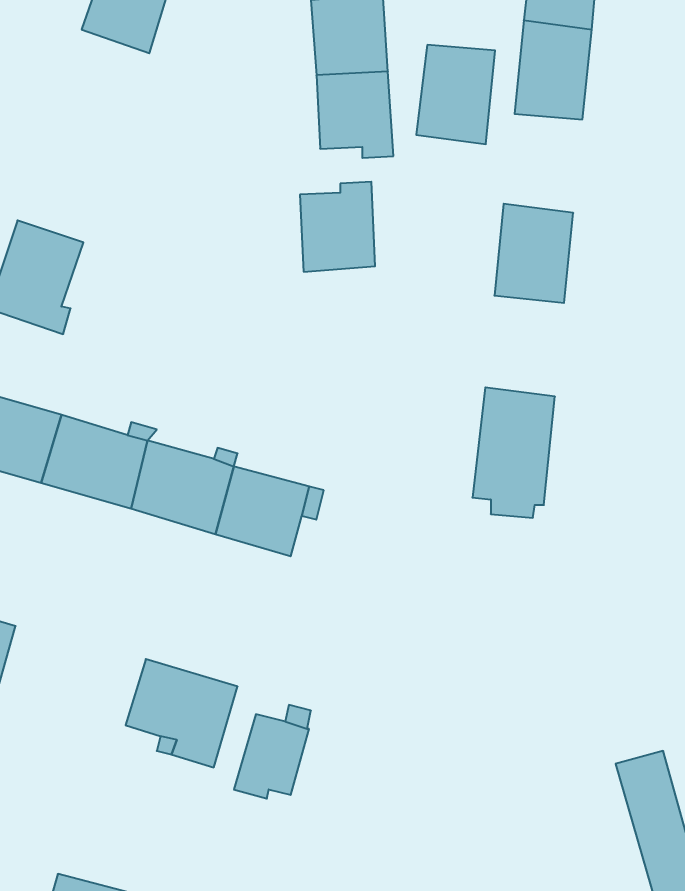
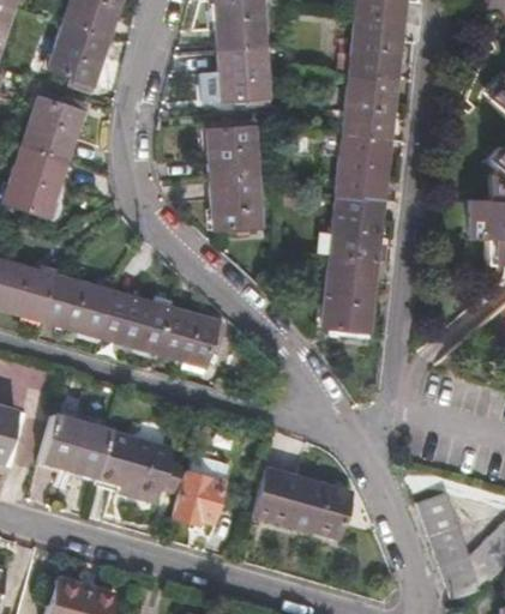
building: none -> [52,22,112,89]
building: [416,45,495,144] -> [343,77,395,142]
building: none -> [25,98,85,161]
building: none -> [212,176,261,229]
building: none -> [331,195,387,263]
building: none -> [41,414,109,476]
building: none -> [252,469,349,540]

